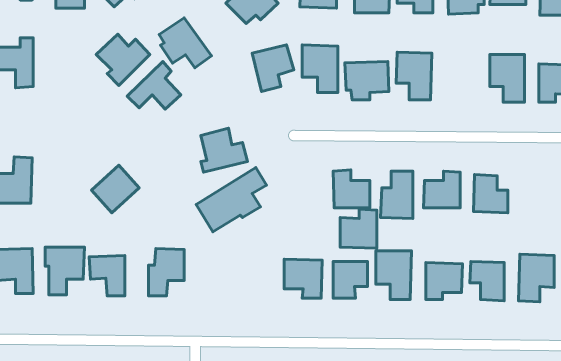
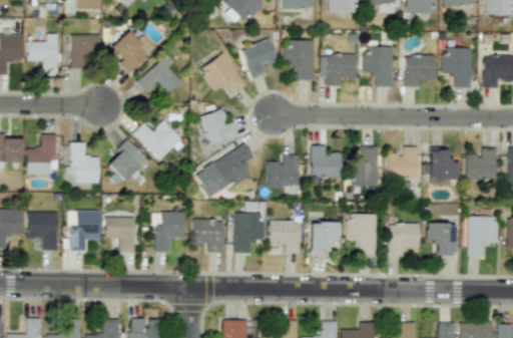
building: [159,18,212,68] -> [201,53,245,95]
building: none -> [70,35,100,68]
building: none -> [404,55,435,87]
building: none -> [133,121,181,160]
building: none -> [71,142,99,184]
building: none -> [464,150,496,181]
building: [340,209,377,248] -> [267,154,298,188]
building: none -> [232,213,264,254]
building: none -> [191,220,222,253]

